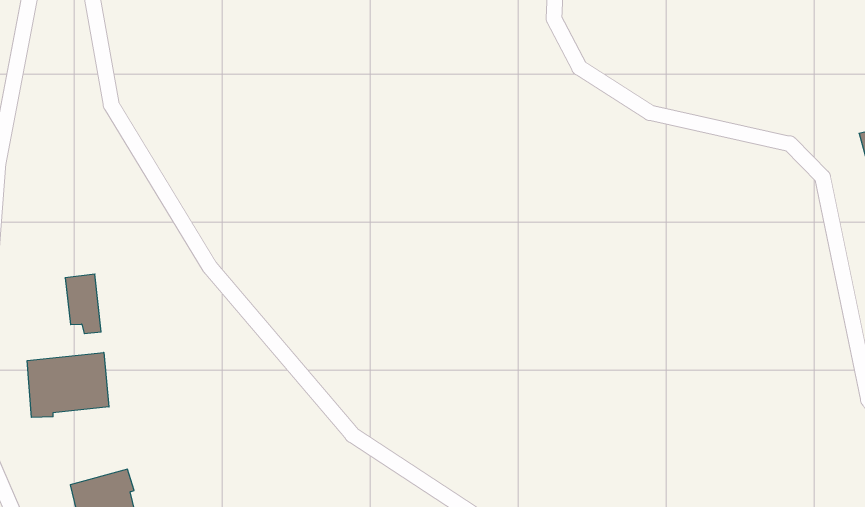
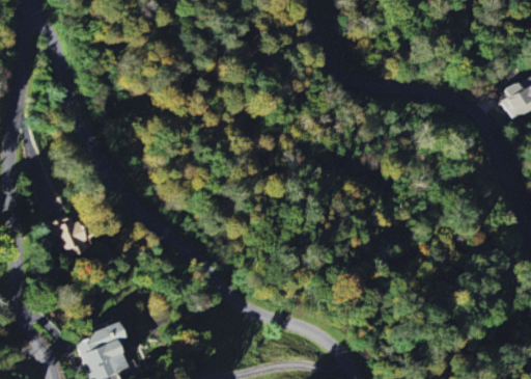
building: [27,352,109,417] -> none

